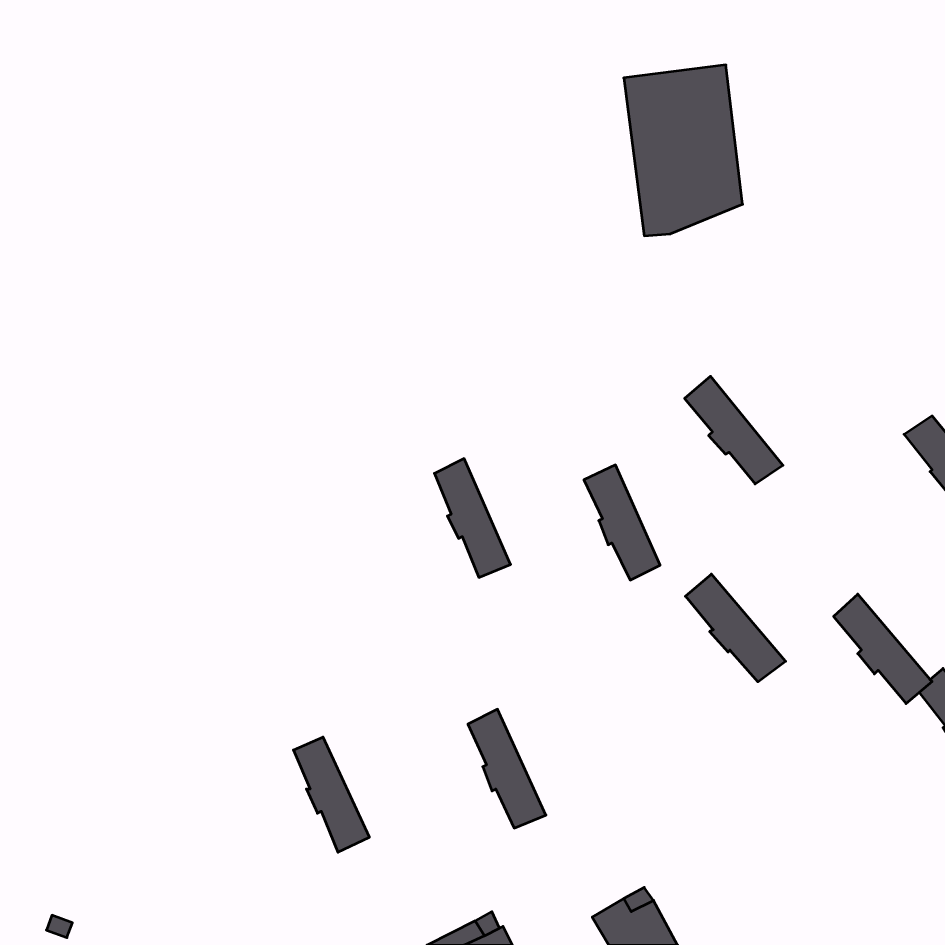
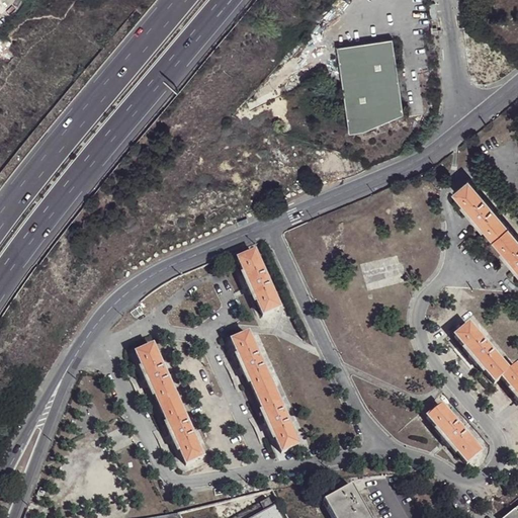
building: [685,376,783,484] -> [456,178,510,237]
building: [584,465,660,580] -> [232,332,273,395]
building: [685,574,786,682] -> [429,405,484,463]
building: none -> [137,344,178,409]

